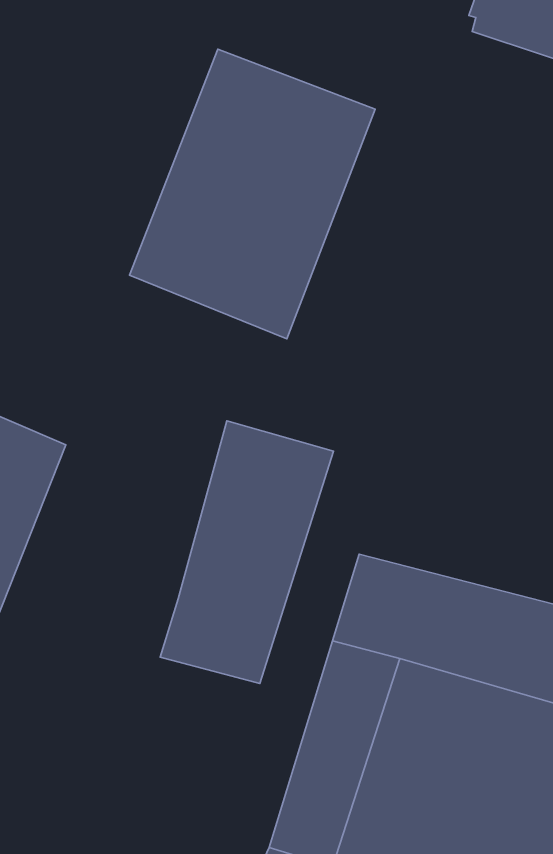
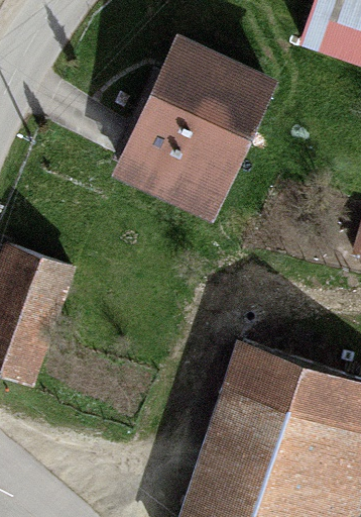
building: [160,421,334,683] -> none

